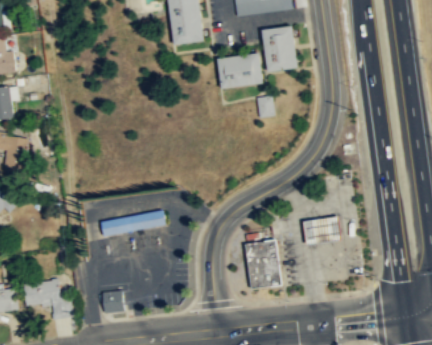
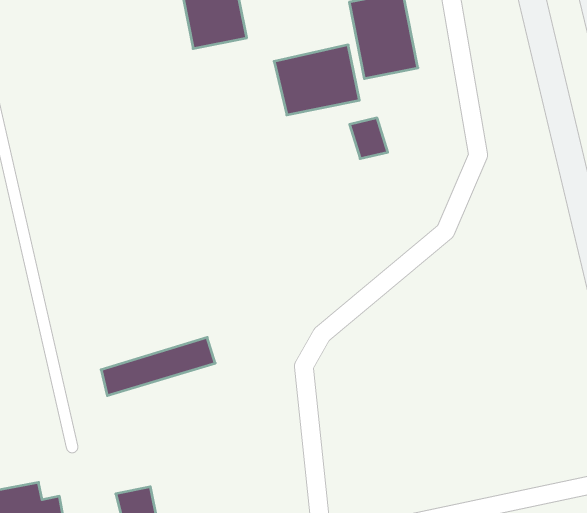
building: [306,216,341,244] -> none
building: [244,239,282,288] -> none

